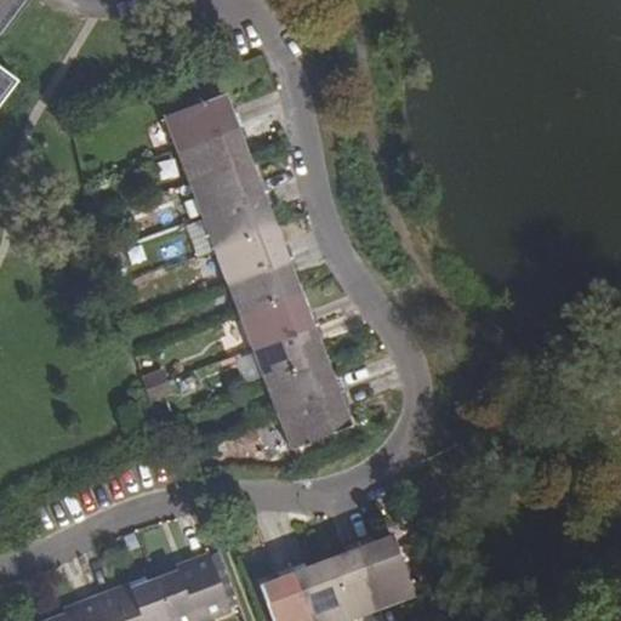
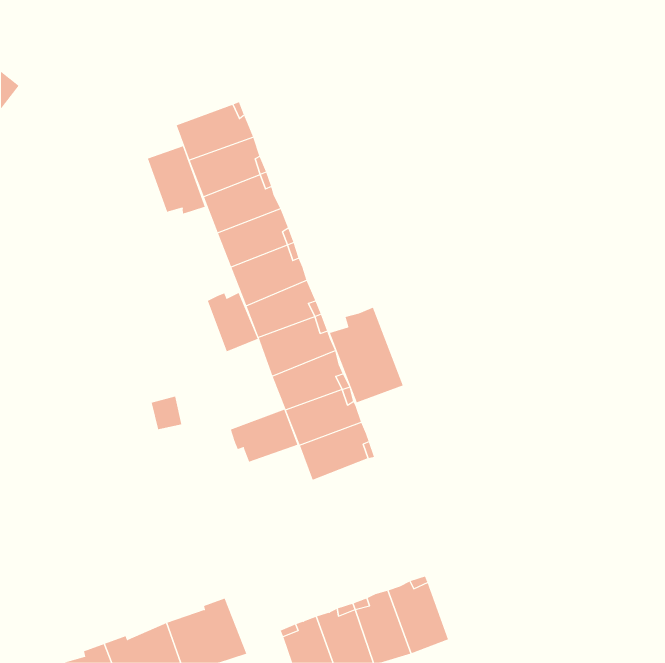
building: none -> [147,145,206,214]
building: none -> [207,292,258,352]
building: none -> [329,307,403,403]
building: none -> [230,409,298,463]

